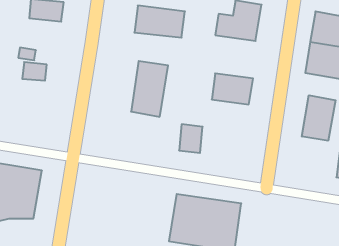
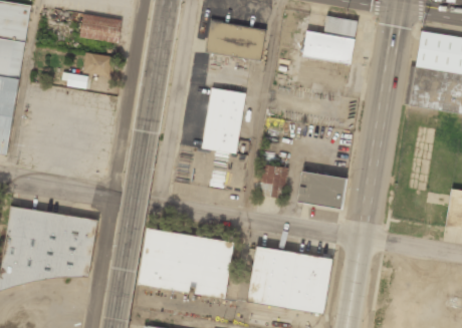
building: [22,62,47,81] -> [82,52,111,74]
building: [212,73,253,104] -> [296,171,345,208]
building: [302,95,336,141] -> none
building: none -> [138,227,233,299]

